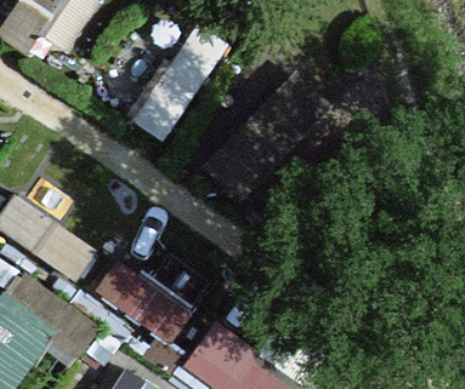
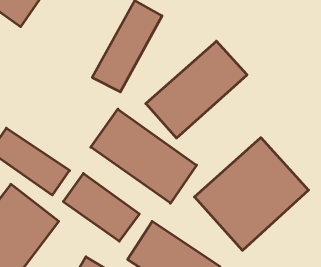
building: none -> [91,109,197,203]
building: none -> [194,138,309,250]

